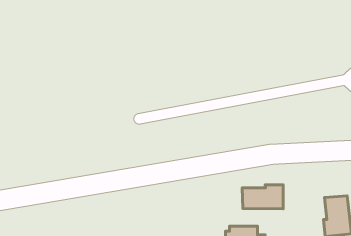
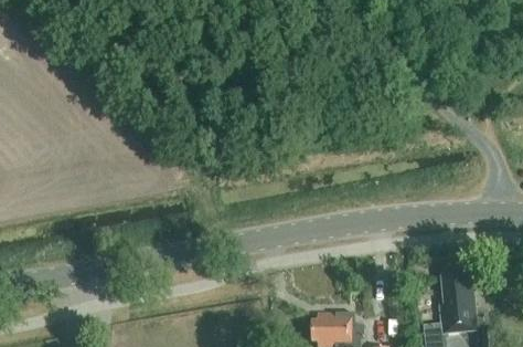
building: [242,185,283,209] -> none

